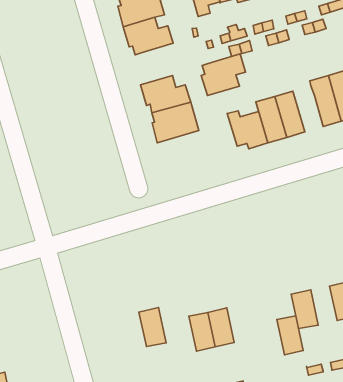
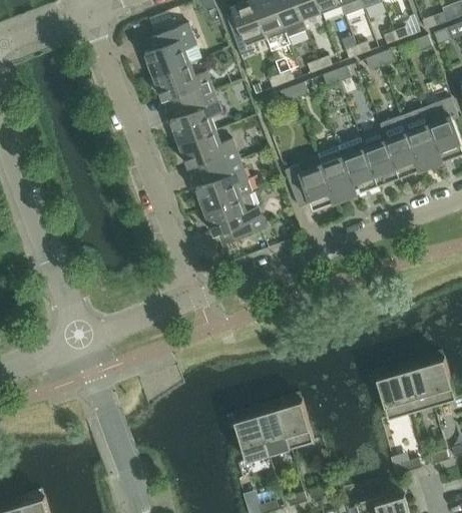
building: [201,54,245,95] -> [169,91,221,143]
building: none -> [360,129,399,184]
building: none -> [203,192,265,243]
building: [139,308,166,346] -> [234,413,269,460]
building: [277,316,303,355] -> [399,365,433,412]

